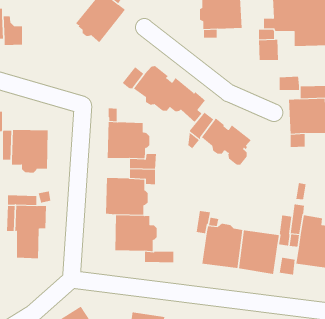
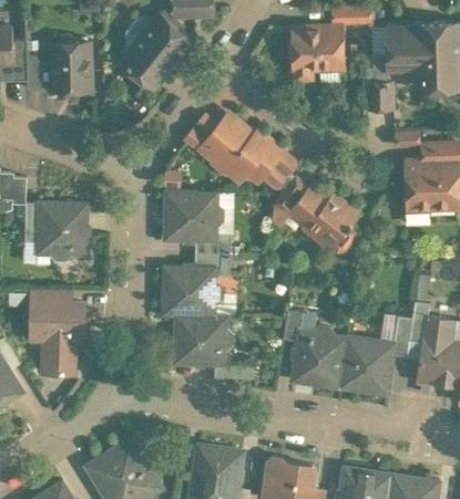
building: none -> [51,39,91,90]

